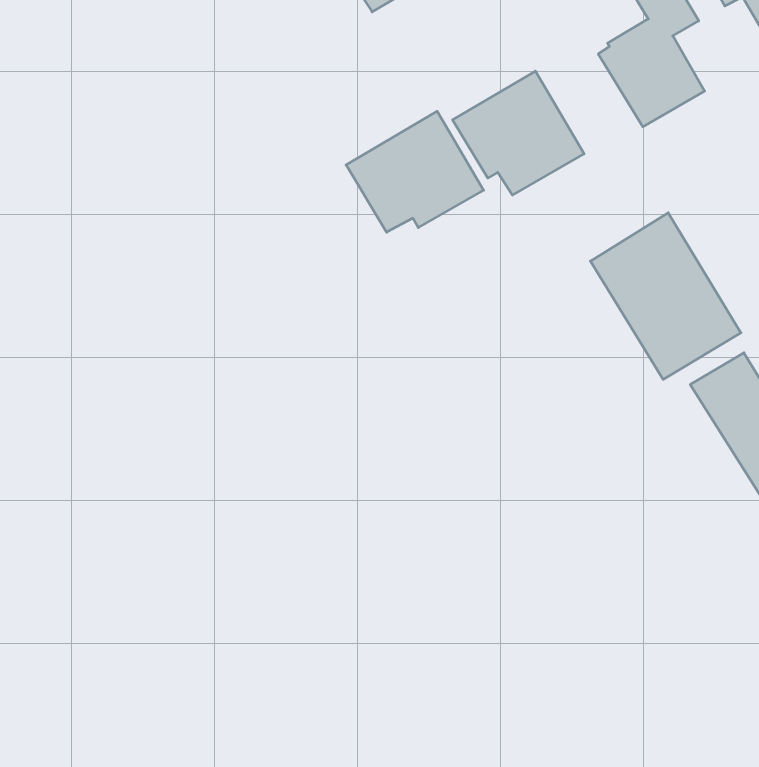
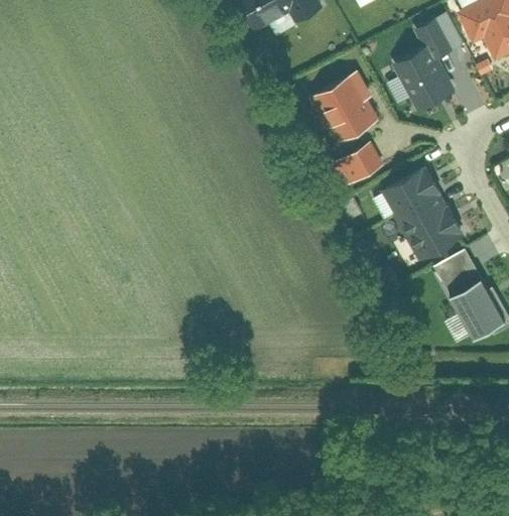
building: [346,111,484,232] -> none
building: none -> [334,143,383,187]

